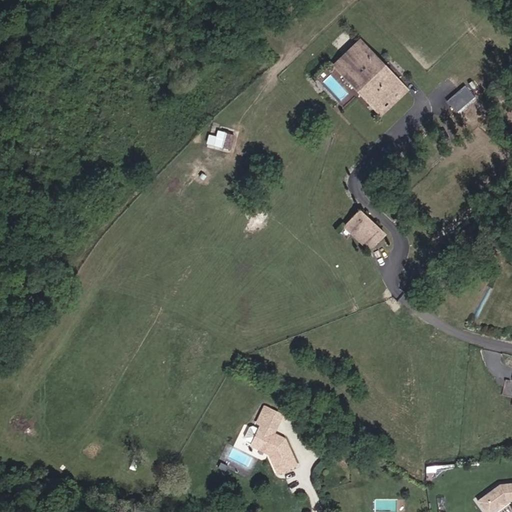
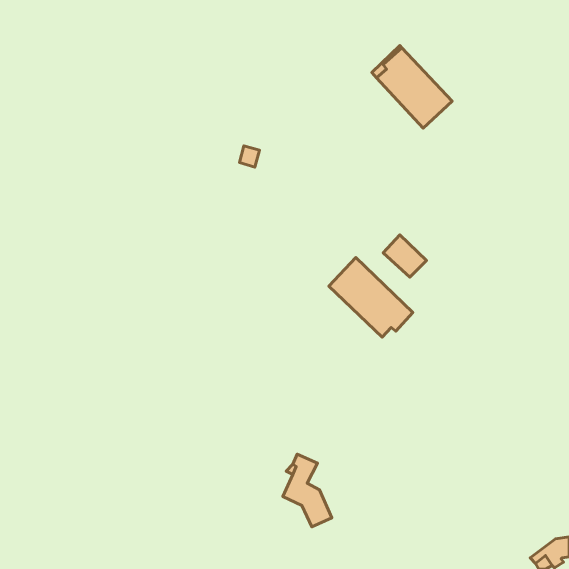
building: [449,84,477,111] -> none
building: none -> [329,258,413,337]

